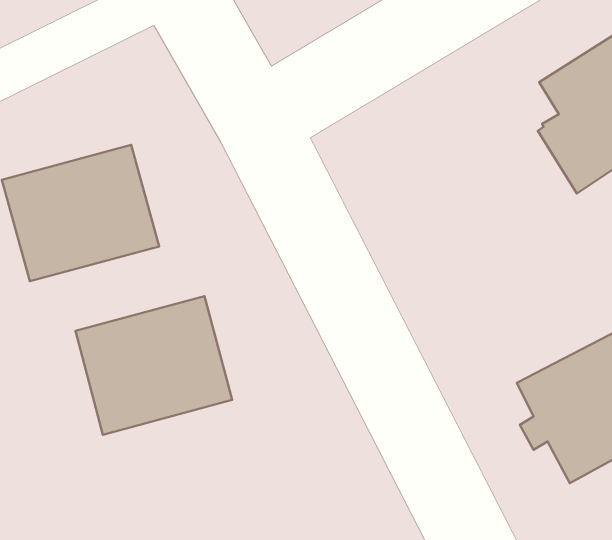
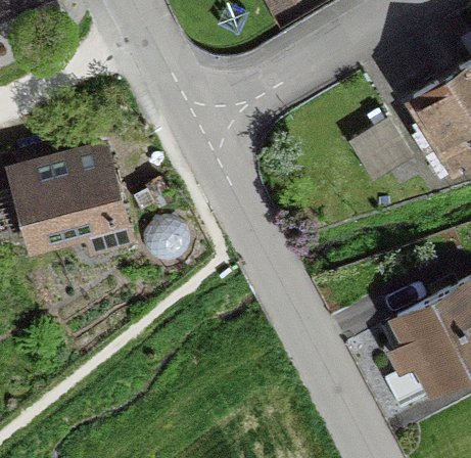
building: [75,296,232,435] -> none

